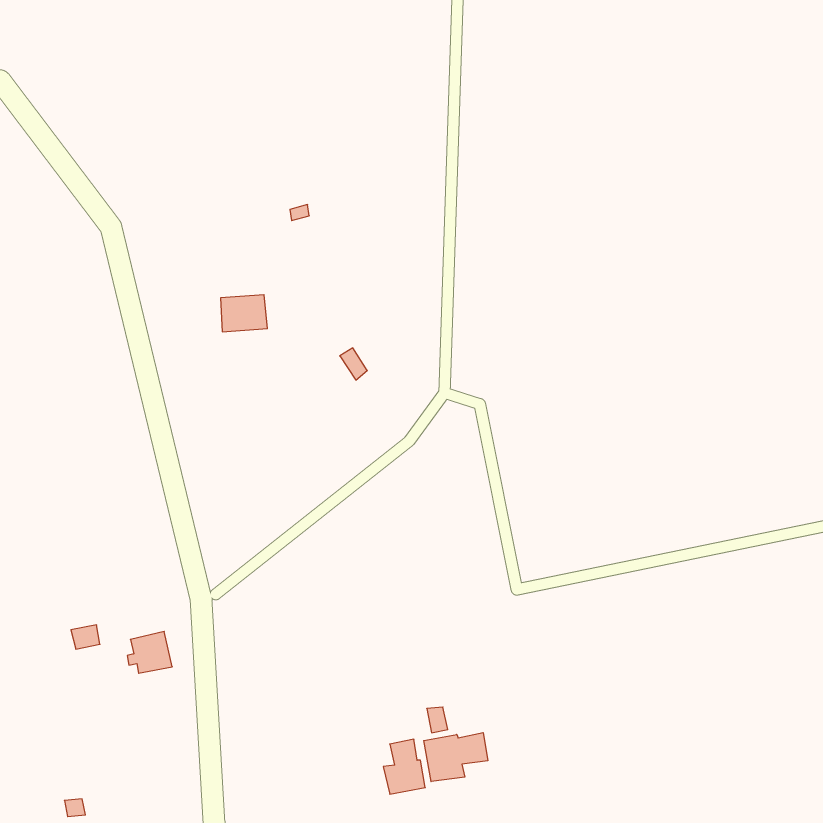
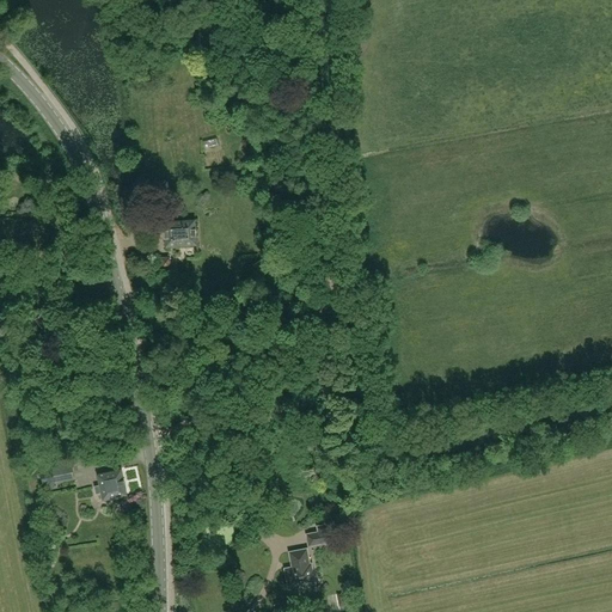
building: [424,733,488,782] -> none

